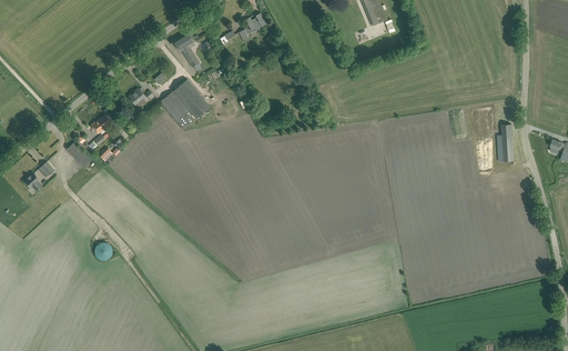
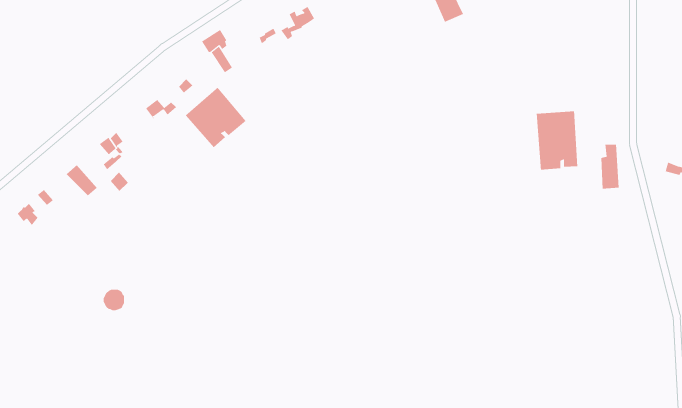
building: none -> [536,111,578,171]

